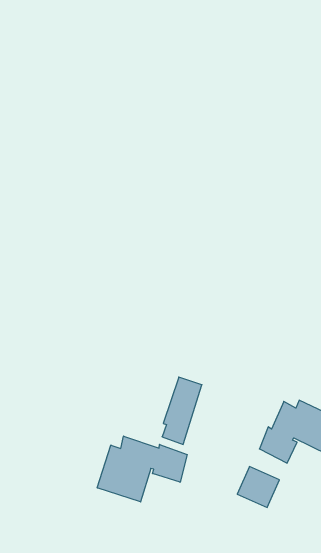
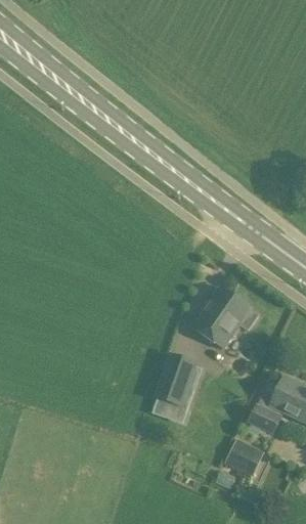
building: none -> [193,287,259,347]
building: [97,436,187,502] -> none

